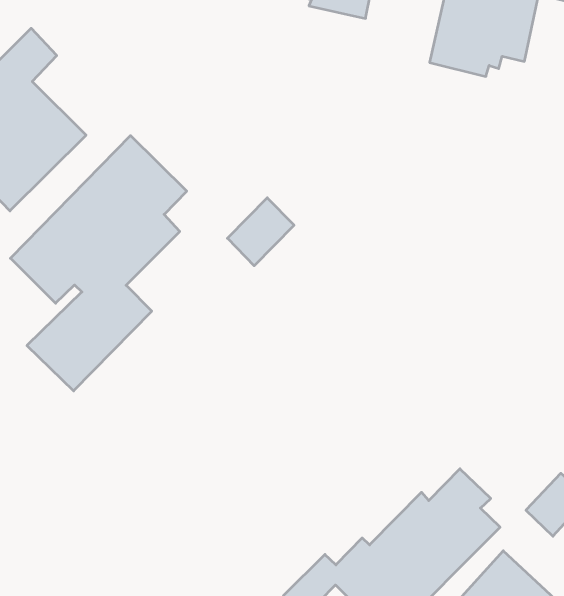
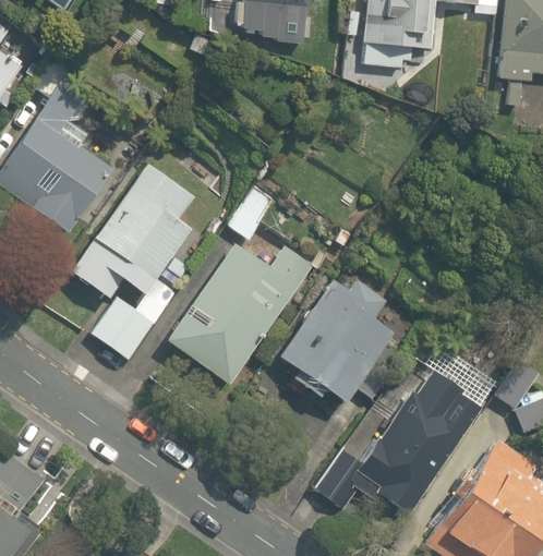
building: none -> [164,238,297,383]
building: none -> [282,278,395,410]

